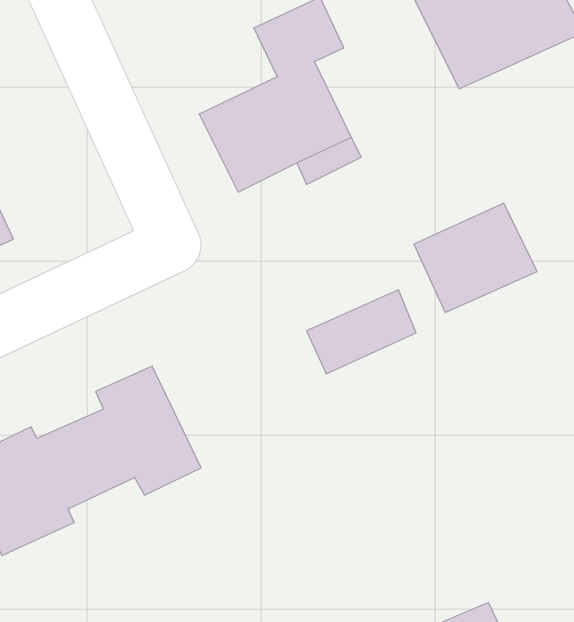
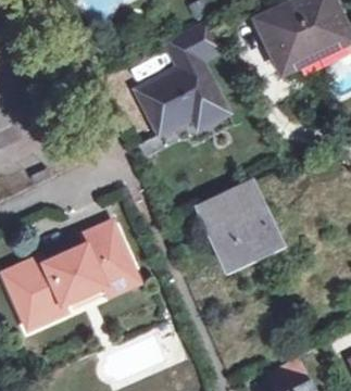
building: [414,203,537,313] -> [208,207,276,268]

